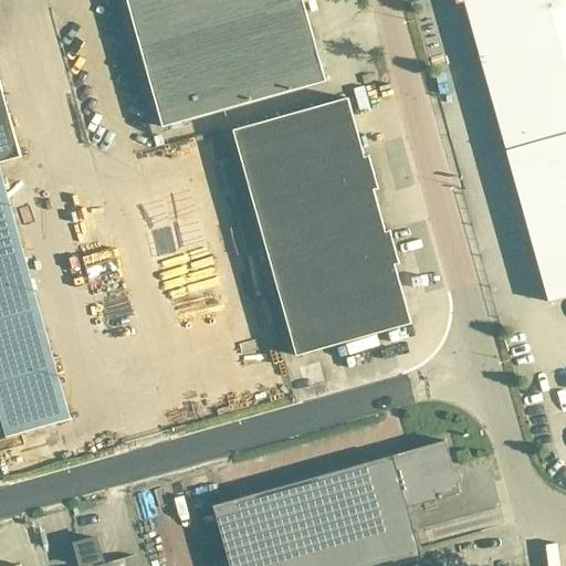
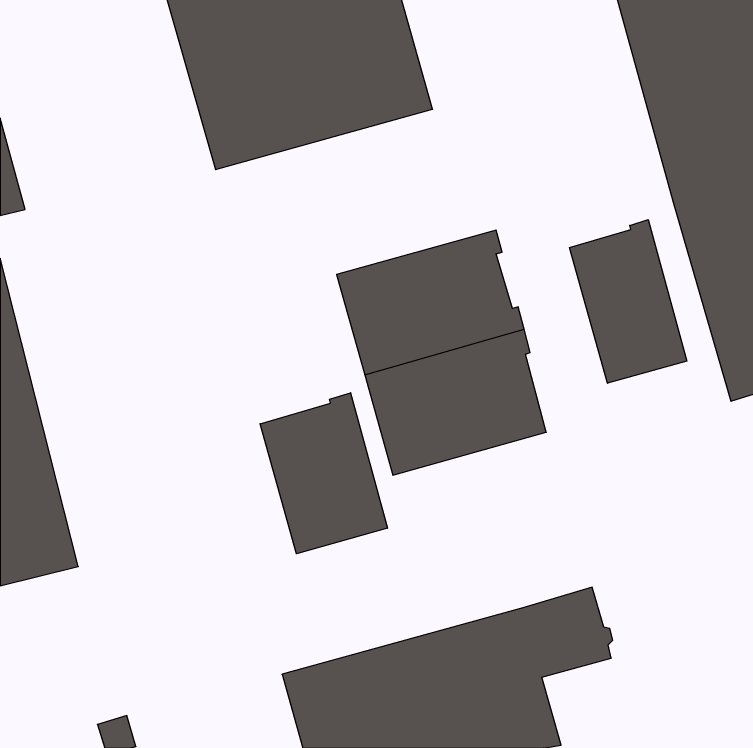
building: [232,97,373,206] -> none
building: none -> [570,220,687,383]
building: none -> [260,393,387,554]

